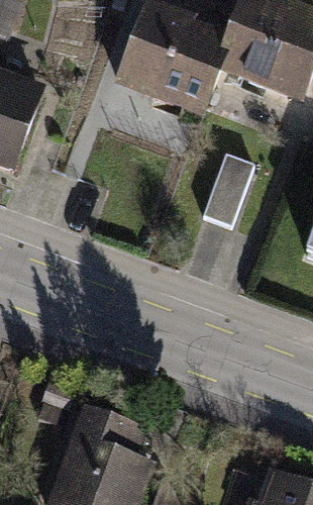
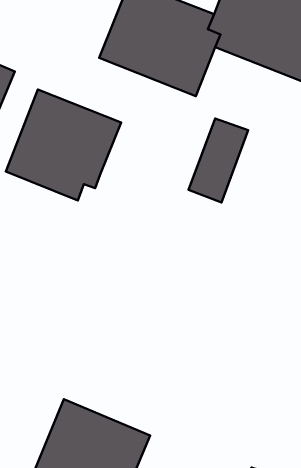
building: none -> [6,90,121,200]

